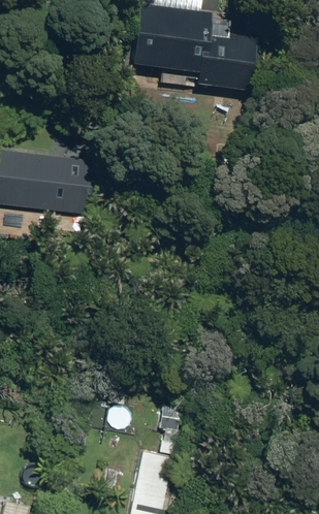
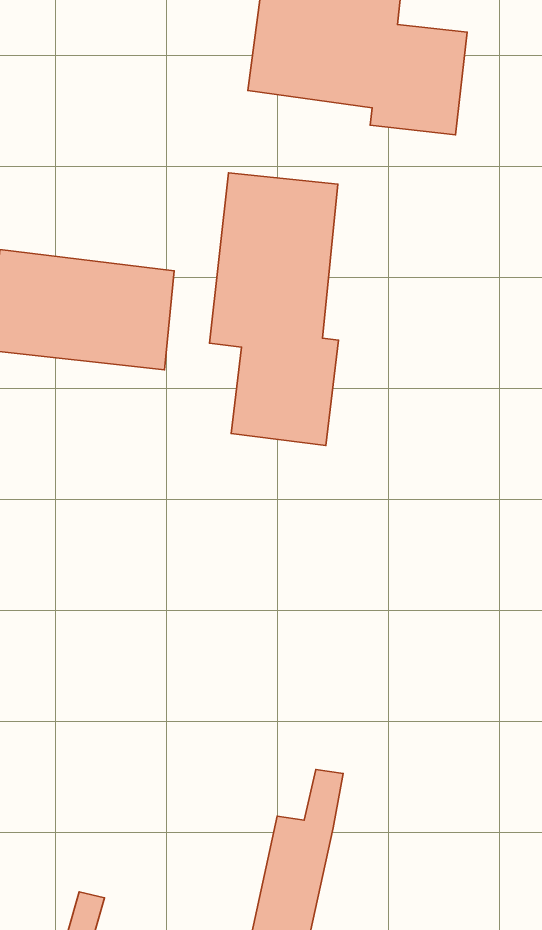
building: none -> [209,173,338,446]

